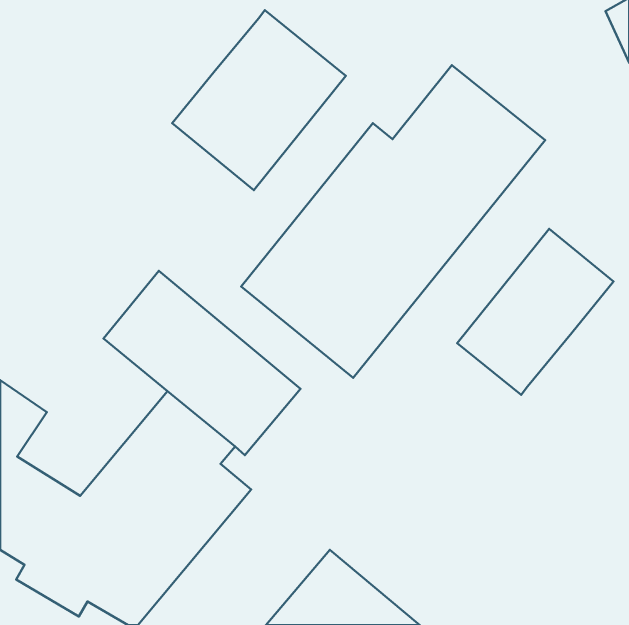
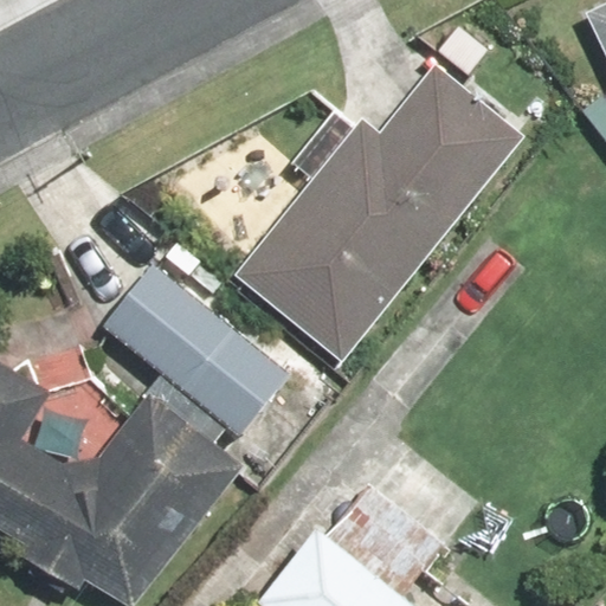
building: [172,10,346,190] -> none
building: [457,229,614,395] -> none

